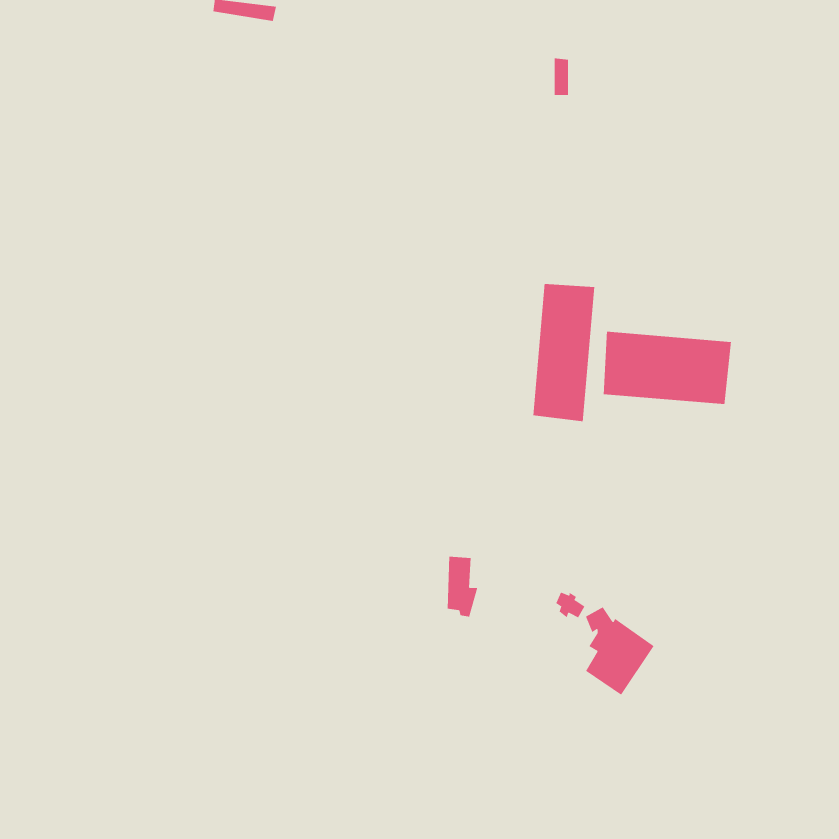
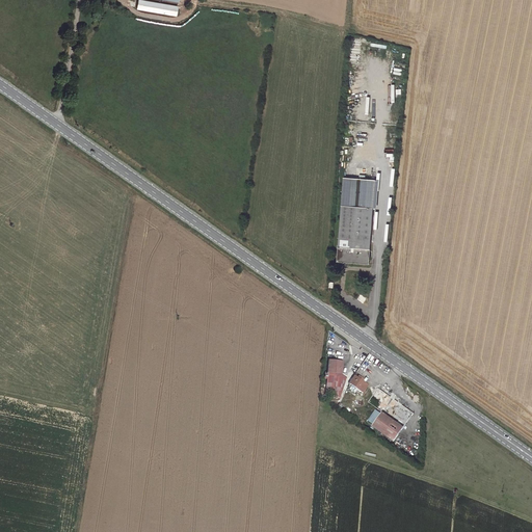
building: [603,331,731,405] -> none
building: [447,556,478,617] -> [326,358,346,397]

